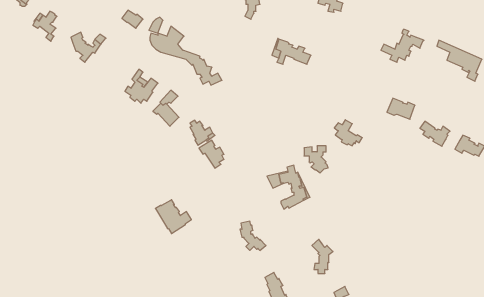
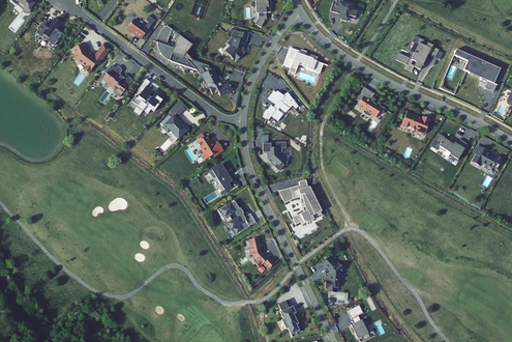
building: none -> [227,28,249,59]
building: none -> [104,65,133,95]
building: none -> [262,92,294,122]
building: [334,120,362,146] -> [357,87,386,114]
building: [304,146,328,173] -> [264,142,289,170]
building: [155,200,191,234] -> [219,200,257,235]

